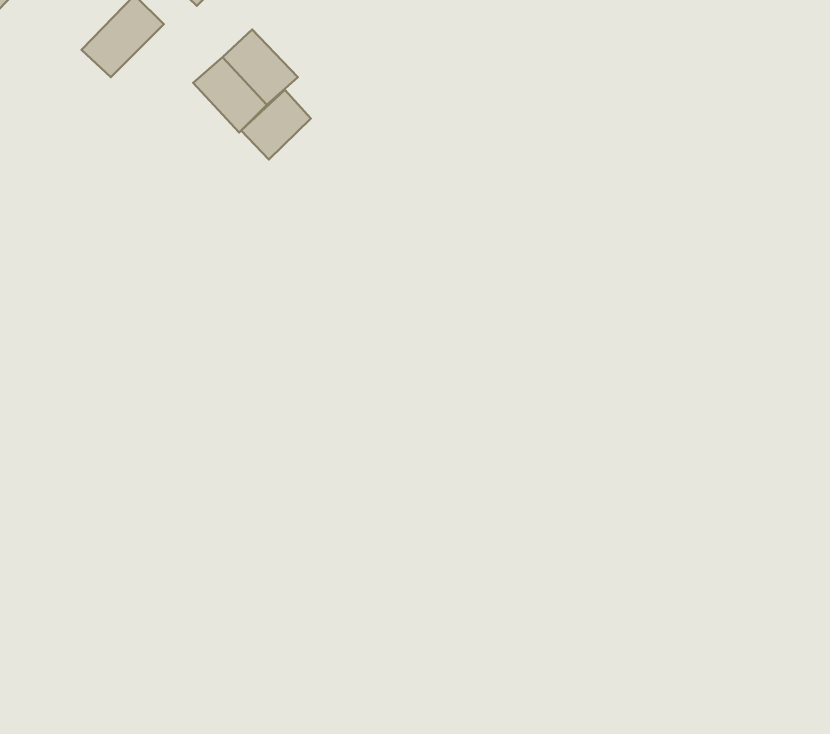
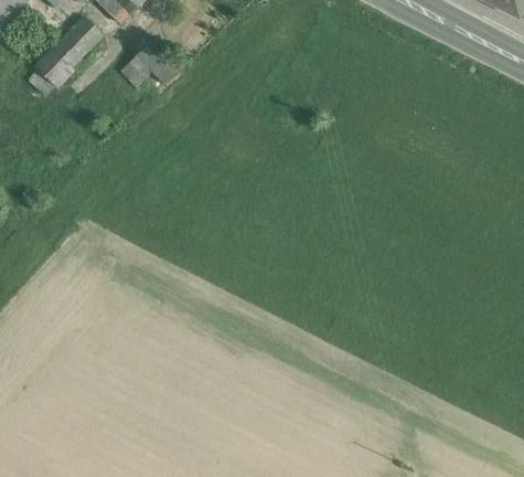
building: none -> [33,50,71,86]
building: [241,90,311,159] -> none

